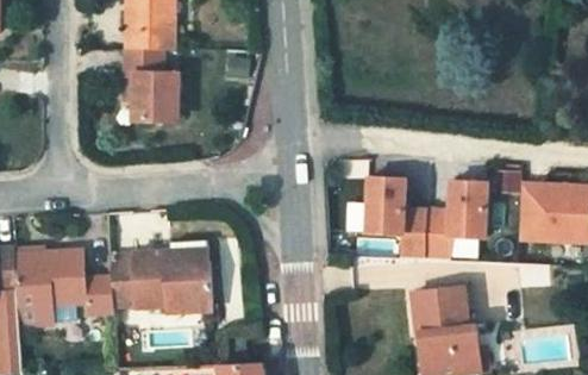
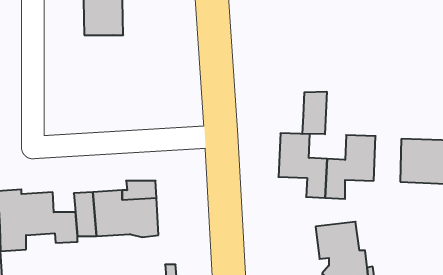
building: [123,54,177,123] -> none
building: none -> [303,92,327,134]

